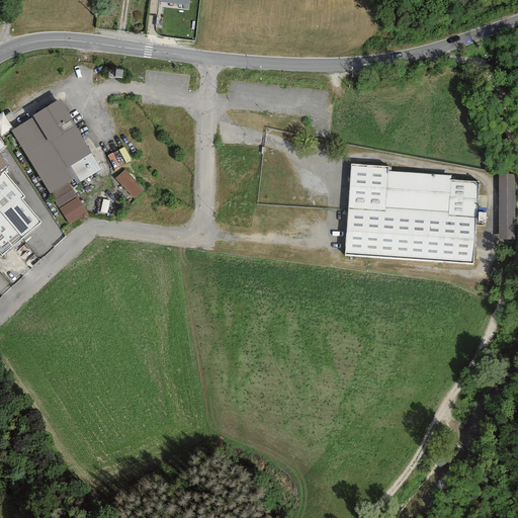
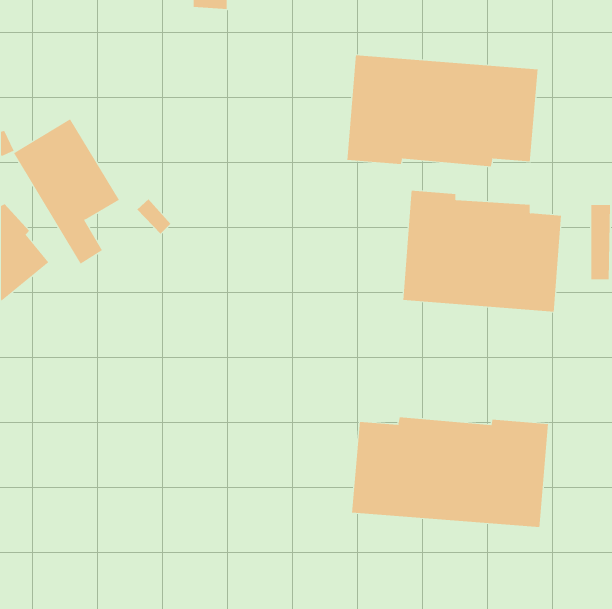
building: none -> [347,55,538,167]
building: none -> [352,416,549,528]

